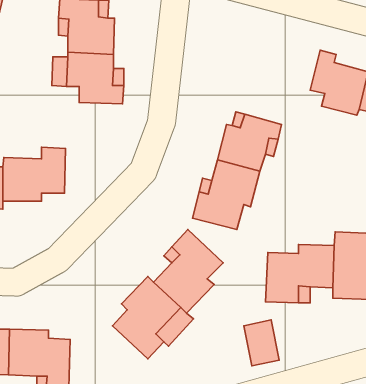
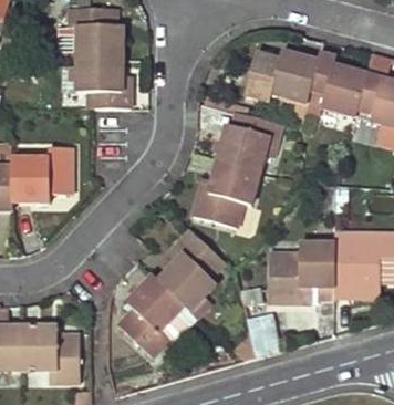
building: none -> [248,51,319,103]

